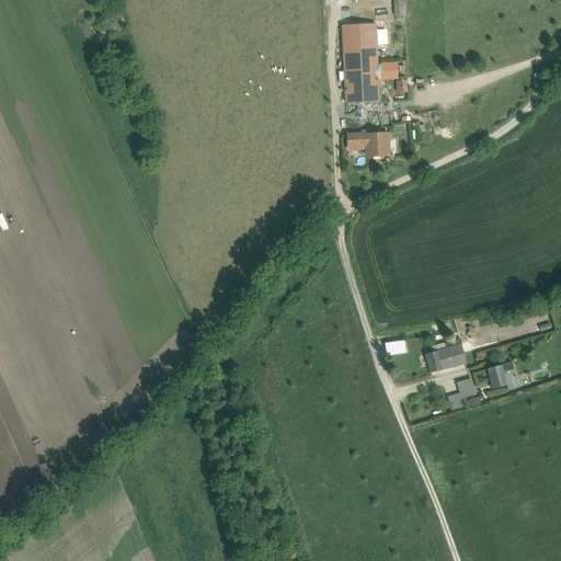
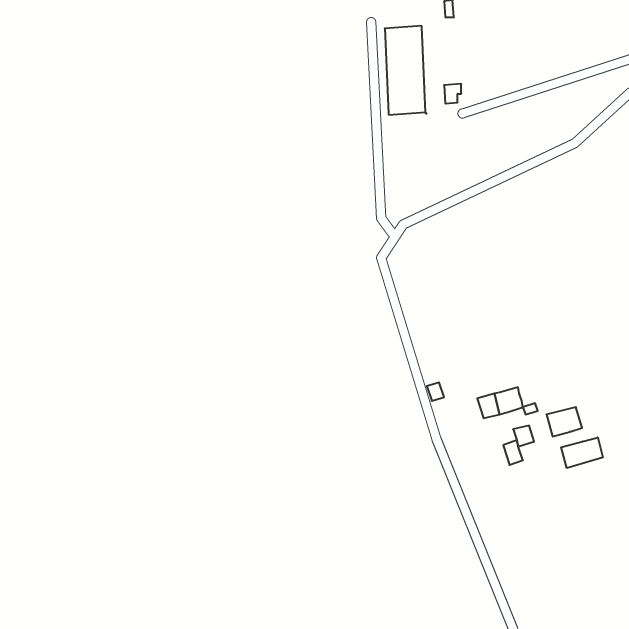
building: [348,130,388,156] -> none
building: none -> [561,437,603,468]

